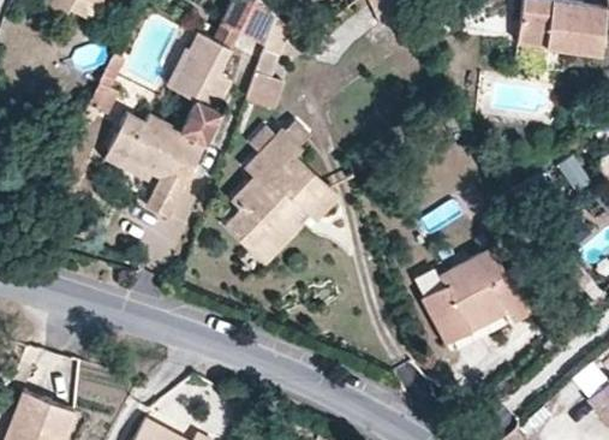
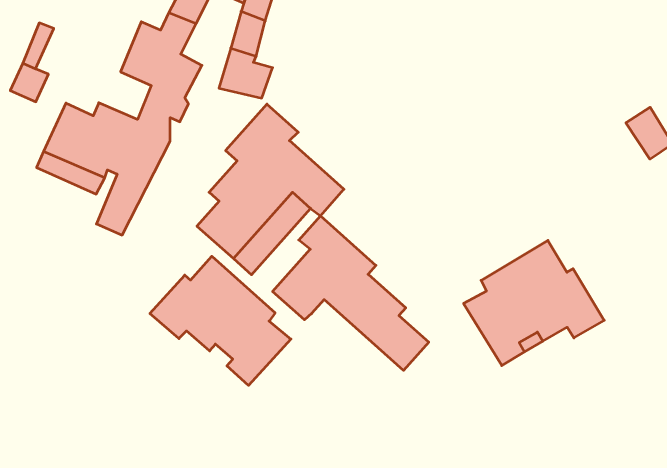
building: none -> [273,216,429,370]
building: none -> [150,256,291,385]

